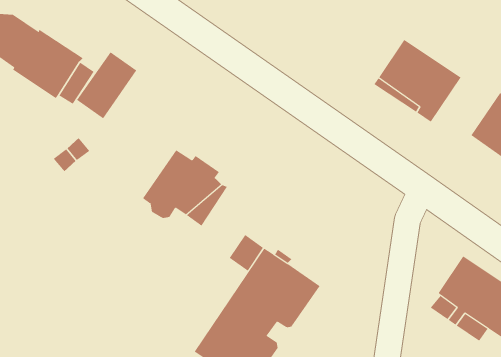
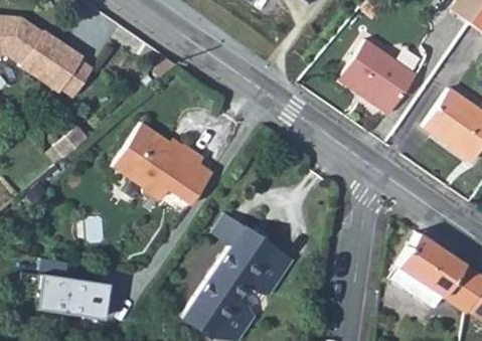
building: [76,51,137,119] -> [111,121,165,181]
building: none -> [32,271,106,317]

